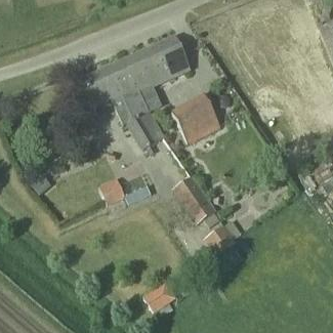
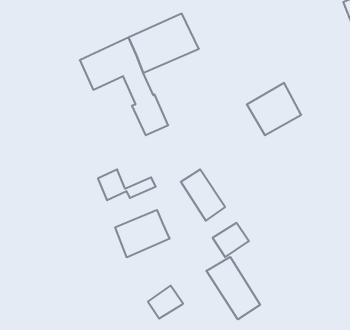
building: [170,93,219,140] -> [247,83,301,135]
building: none -> [115,210,170,257]
building: none -> [206,257,260,319]

